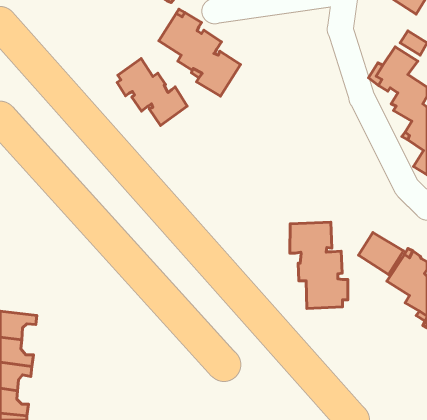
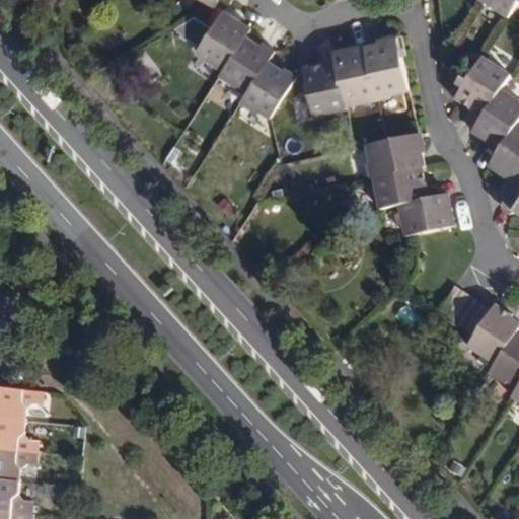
building: none -> [303,36,407,116]
building: [117,58,187,126] -> none
building: none -> [363,134,454,236]
building: [290,222,348,308] -> none

